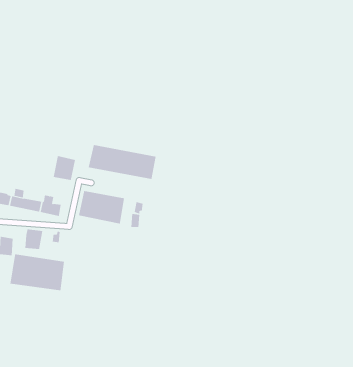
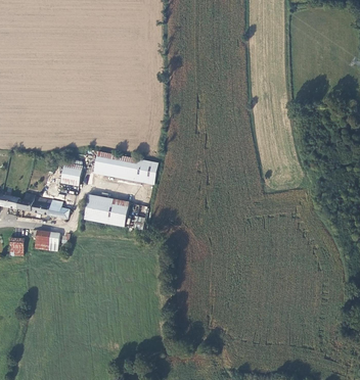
building: [10,254,64,291] -> none

